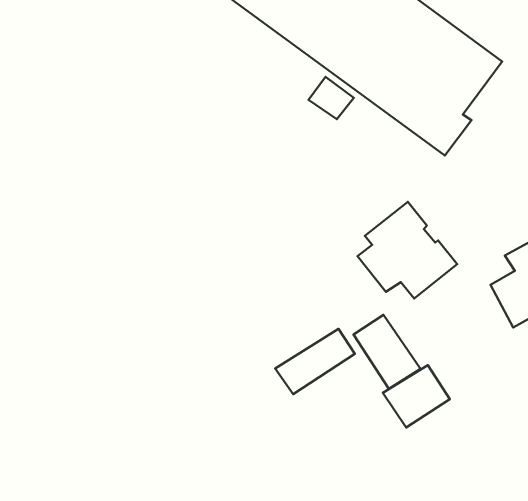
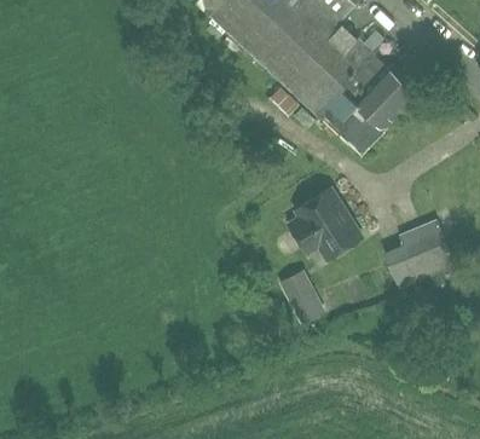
building: [275,329,355,394] -> none
building: [383,365,450,428] -> none

